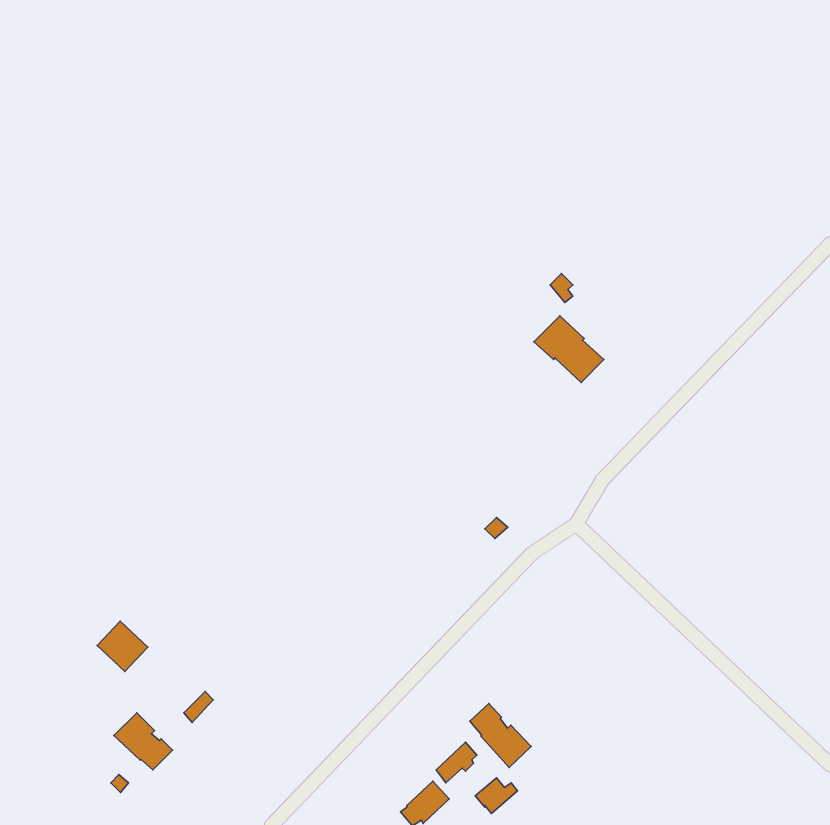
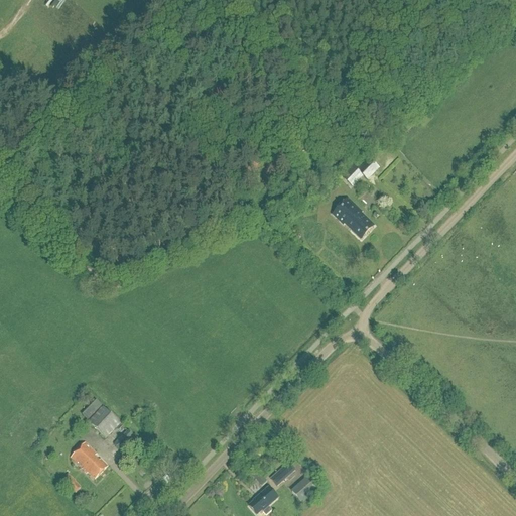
building: [97,621,148,672] -> [88,404,119,435]
building: [470,703,531,767] -> none

